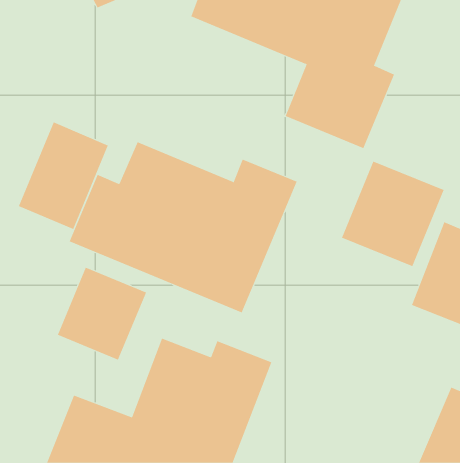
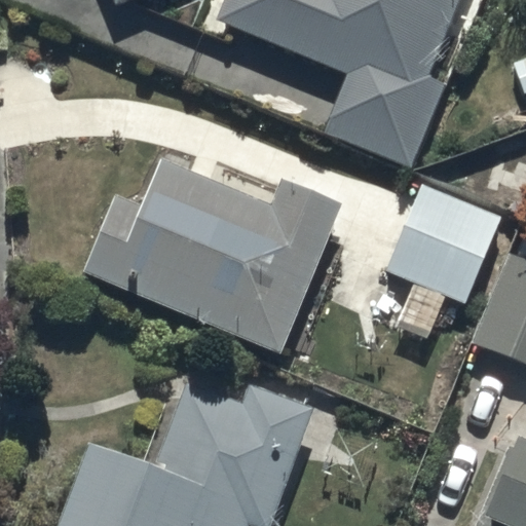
building: [18,122,109,230] -> none
building: [57,267,147,360] -> none

